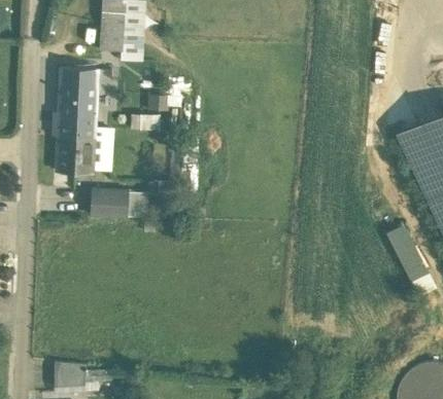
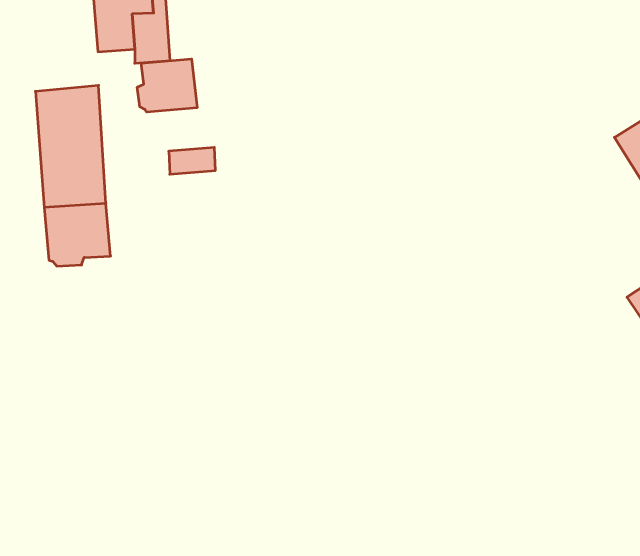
building: none -> [137,59,197,112]
building: [92,189,131,216] -> none

